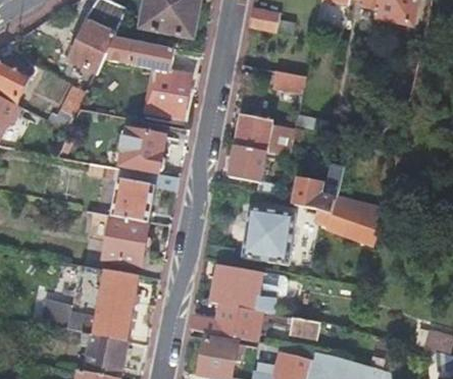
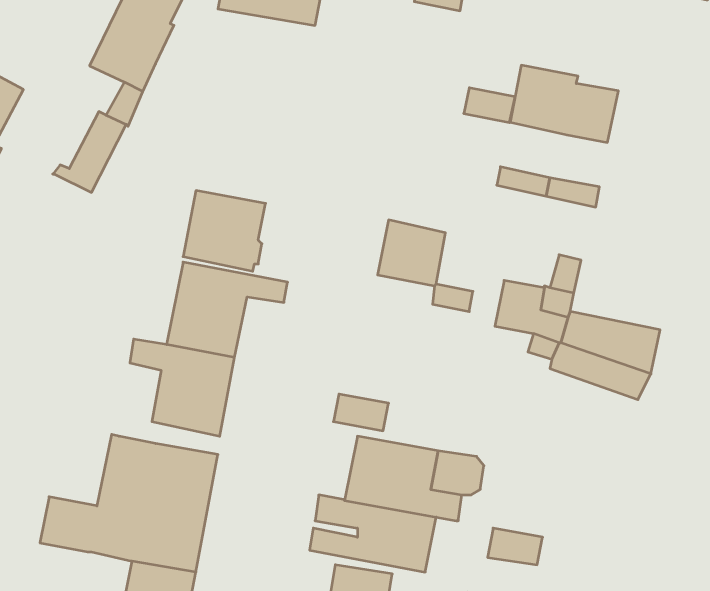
building: [104,38,190,117] -> none
building: [234,114,294,157] -> [510,65,618,142]
building: [240,207,295,265] -> none

